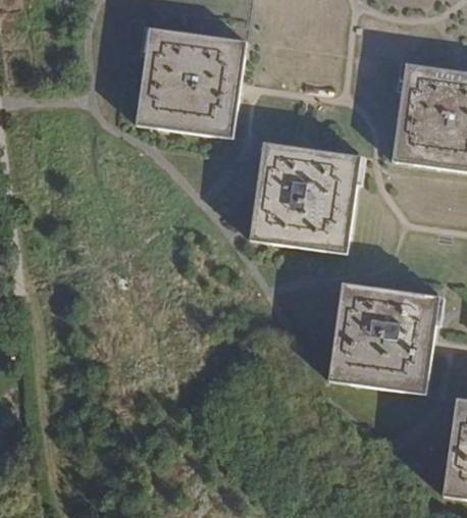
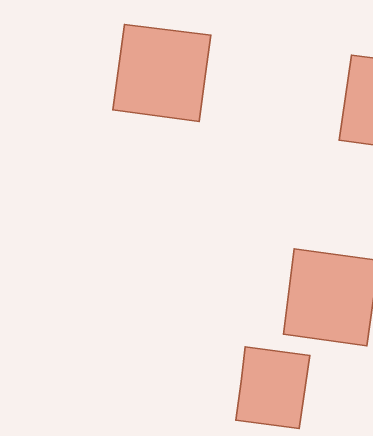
building: [251,143,361,253] -> none
building: none -> [236,347,310,429]

